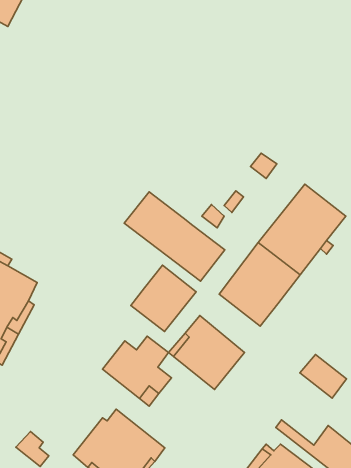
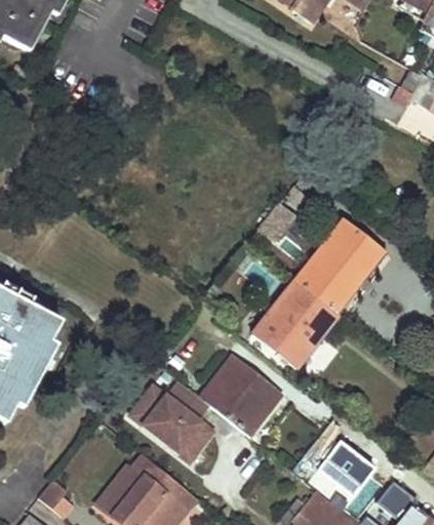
building: [124,192,225,281] -> none
building: [131,265,196,332] -> none
building: [300,354,347,398] -> [319,447,368,493]

